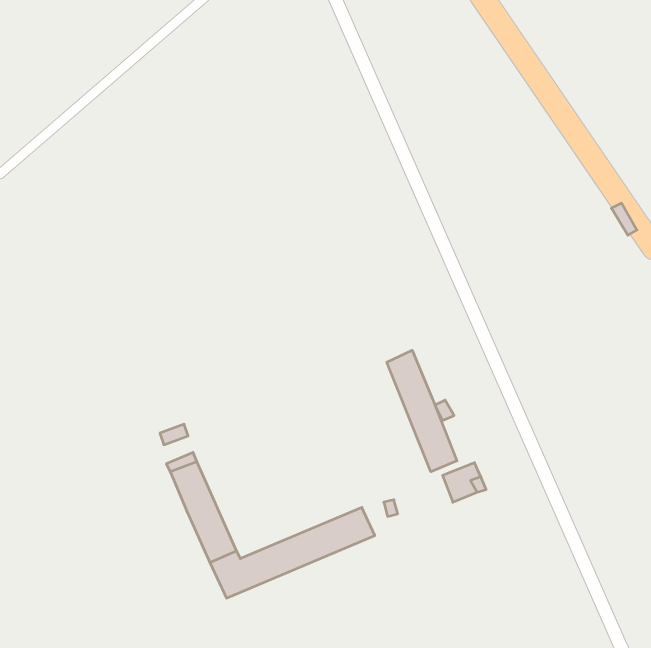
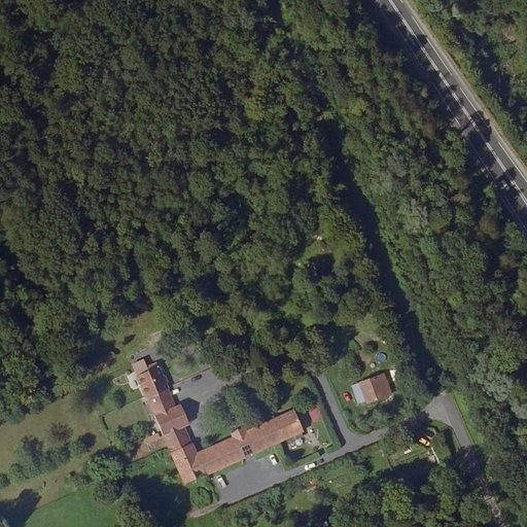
building: [387,350,457,472] -> none

